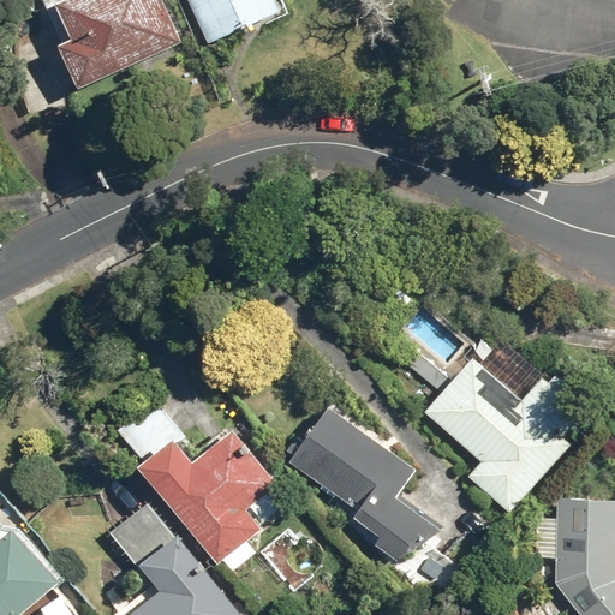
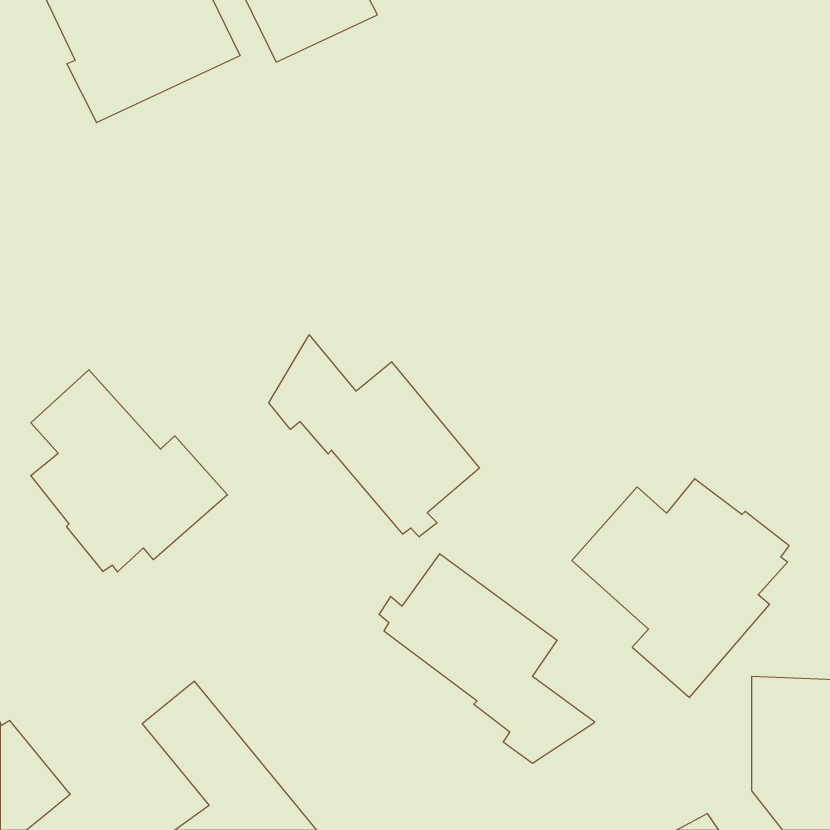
building: none -> [269,335,479,537]
building: none -> [31,370,228,572]
building: [117,399,286,568] -> none

